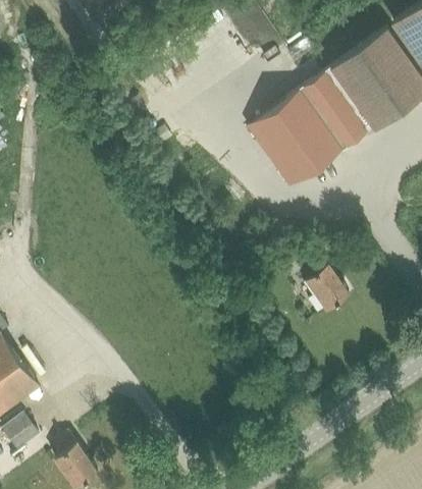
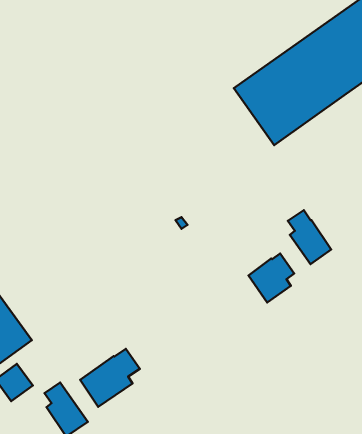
building: none -> [248,253,294,303]
building: none -> [80,349,140,407]

